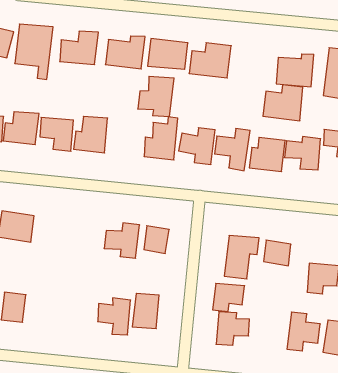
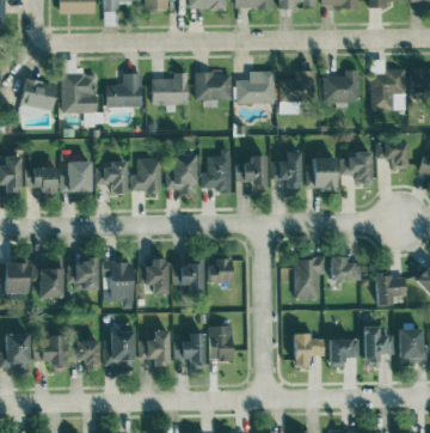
building: [138,76,174,116] -> [165,154,197,194]
building: [263,85,303,121] -> [278,71,315,104]
building: none -> [103,261,134,309]
building: none -> [145,260,170,294]
building: [213,283,245,312] -> [330,339,358,366]
building: none -> [105,331,135,368]
building: none -> [143,330,171,366]

